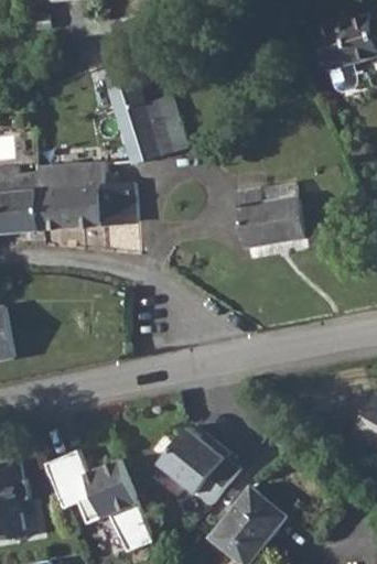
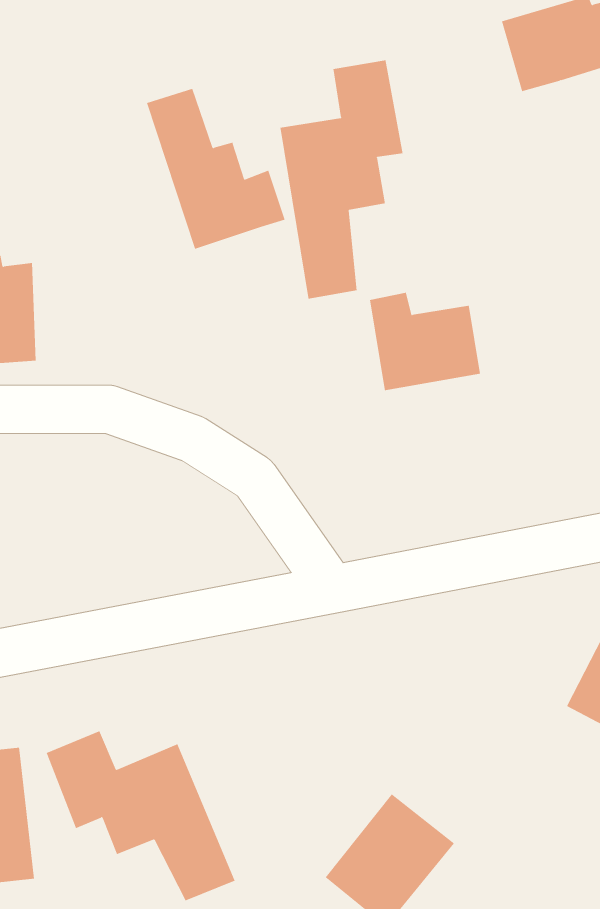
building: none -> [280,60,403,299]
building: [35,164,134,230] -> none
building: [160,424,240,500] -> none

